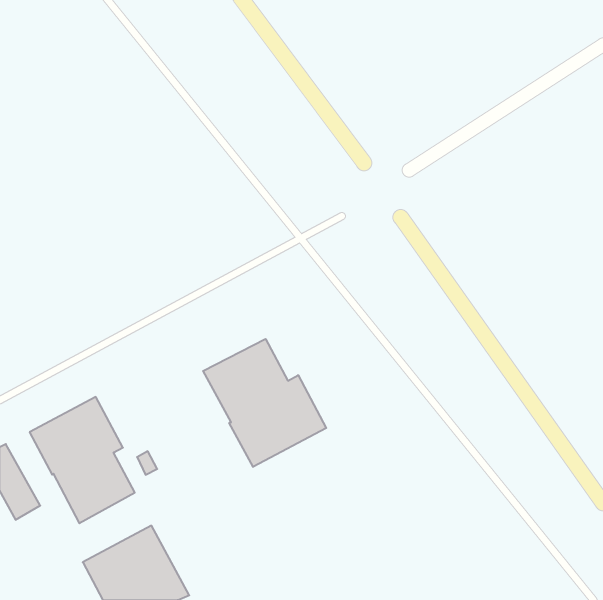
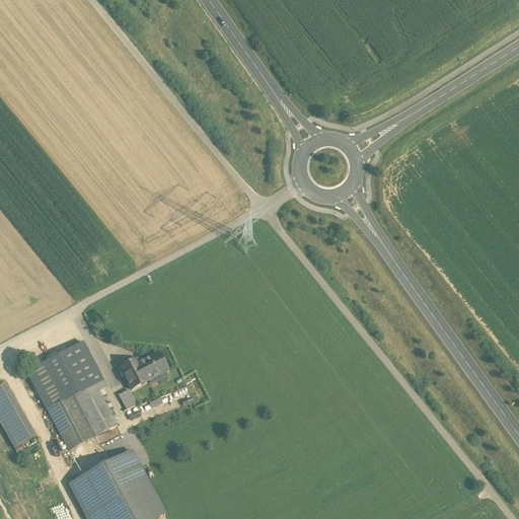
building: [203,339,326,467] -> none
building: none -> [119,352,166,387]

